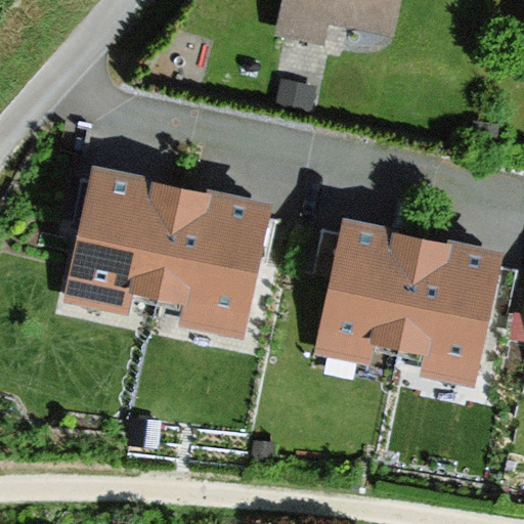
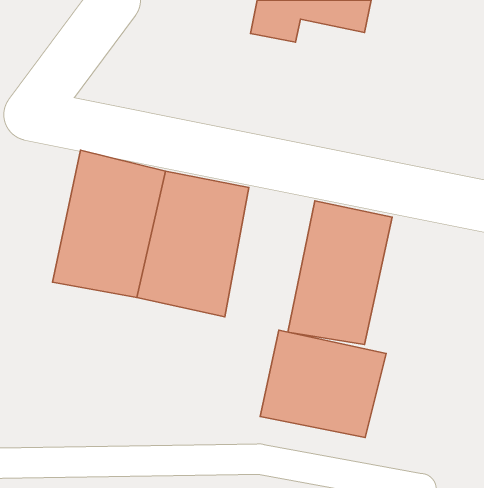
building: [395,233,500,387] -> none
building: none -> [260,330,386,437]

